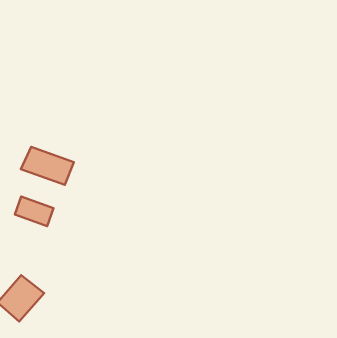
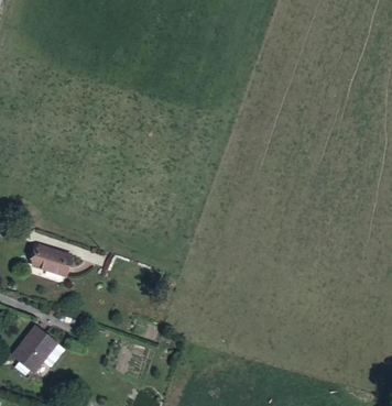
building: [21,147,74,185] -> none

